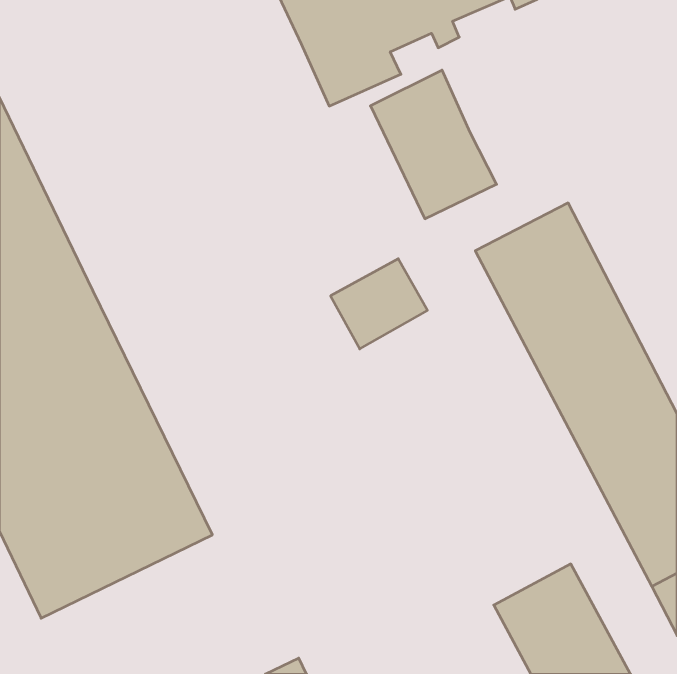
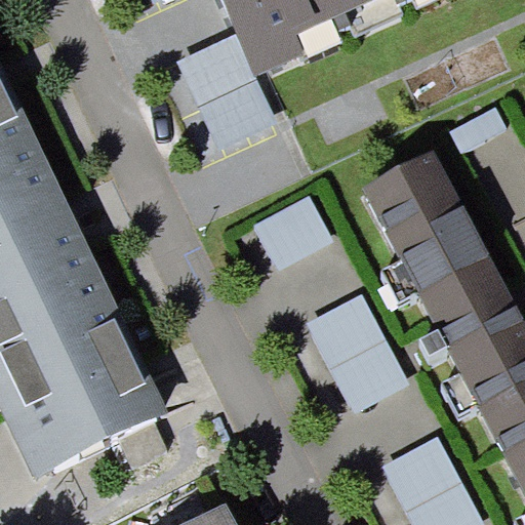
building: [370,70,497,219] -> [177,34,275,149]
building: none -> [305,292,411,413]

